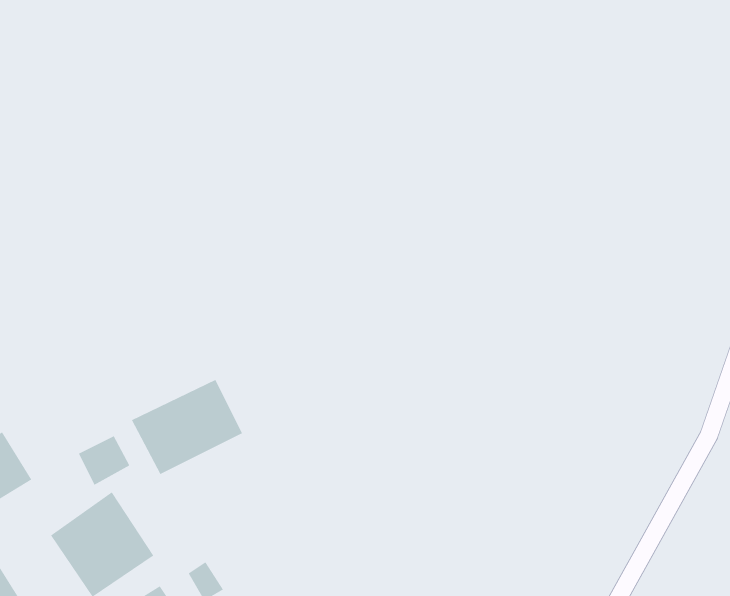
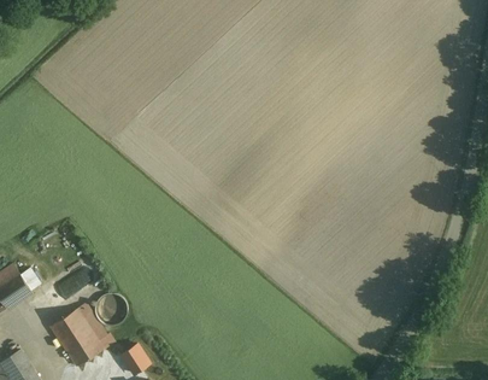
building: [131,379,243,475] -> none

